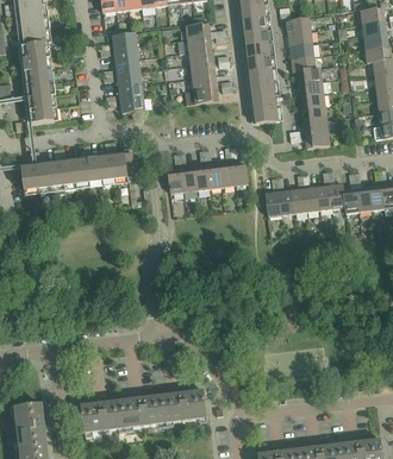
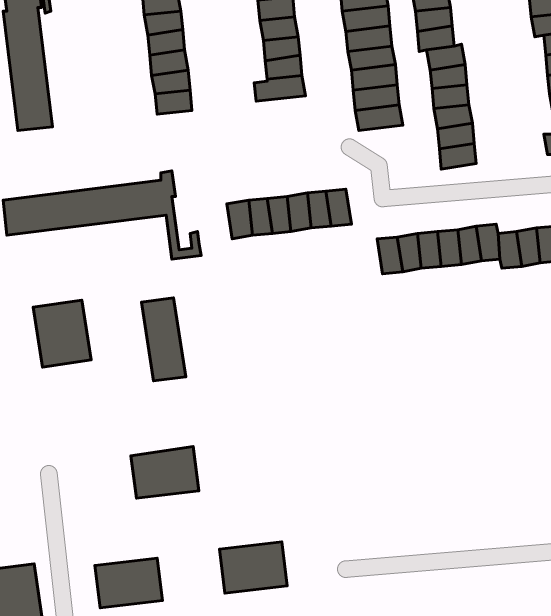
building: none -> [141,298,186,381]
building: none -> [33,300,91,367]
building: [121,394,166,427] -> [131,447,199,498]

